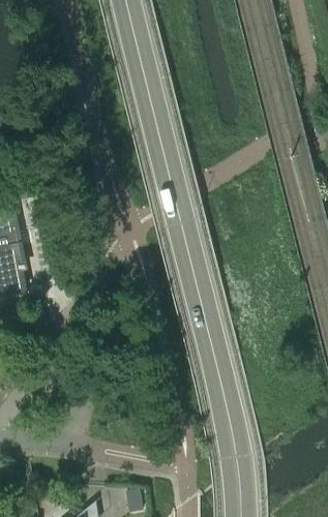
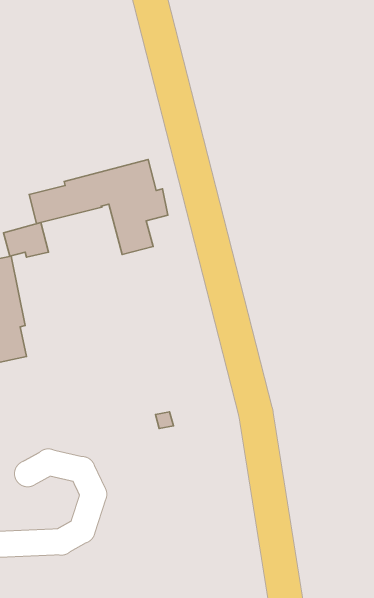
building: none -> [29,160,168,255]

